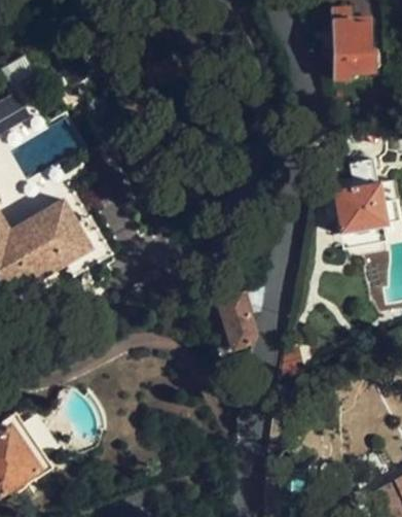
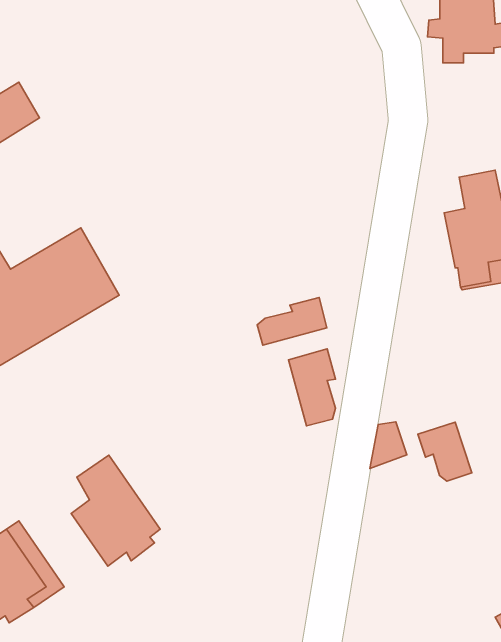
building: none -> [257,297,327,345]
building: none -> [418,422,472,481]
building: none -> [71,455,160,566]

